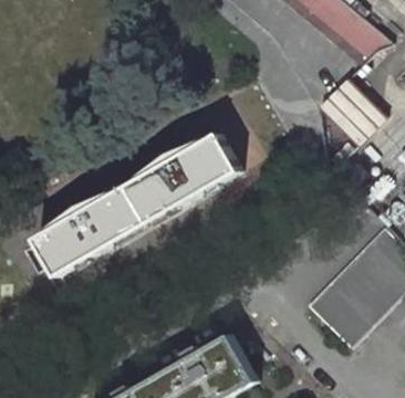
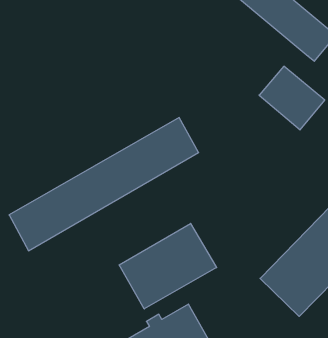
building: none -> [119,223,217,309]

